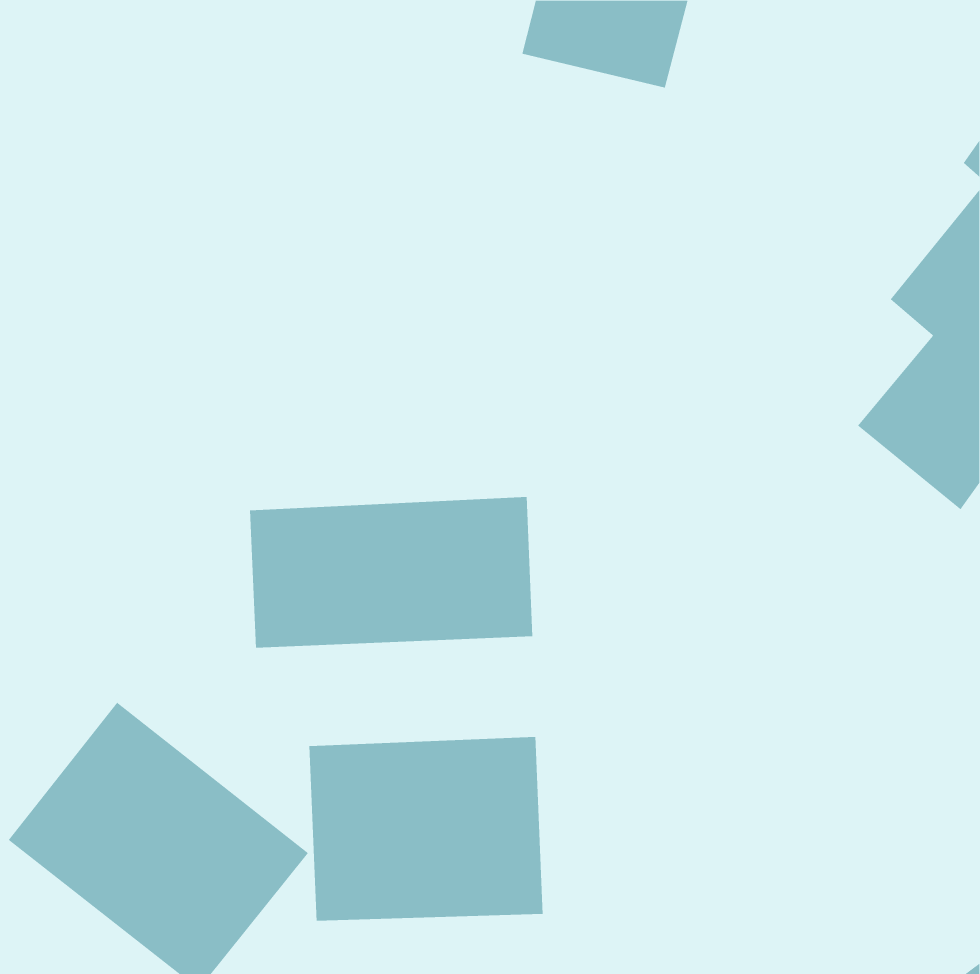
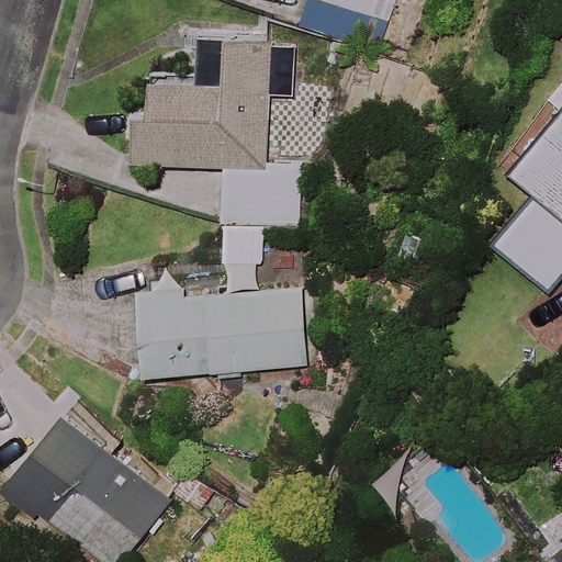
building: none -> [127,37,306,268]
building: [309,736,543,922] -> none

